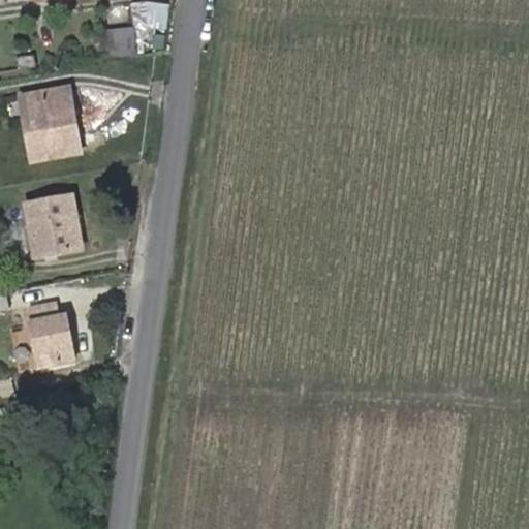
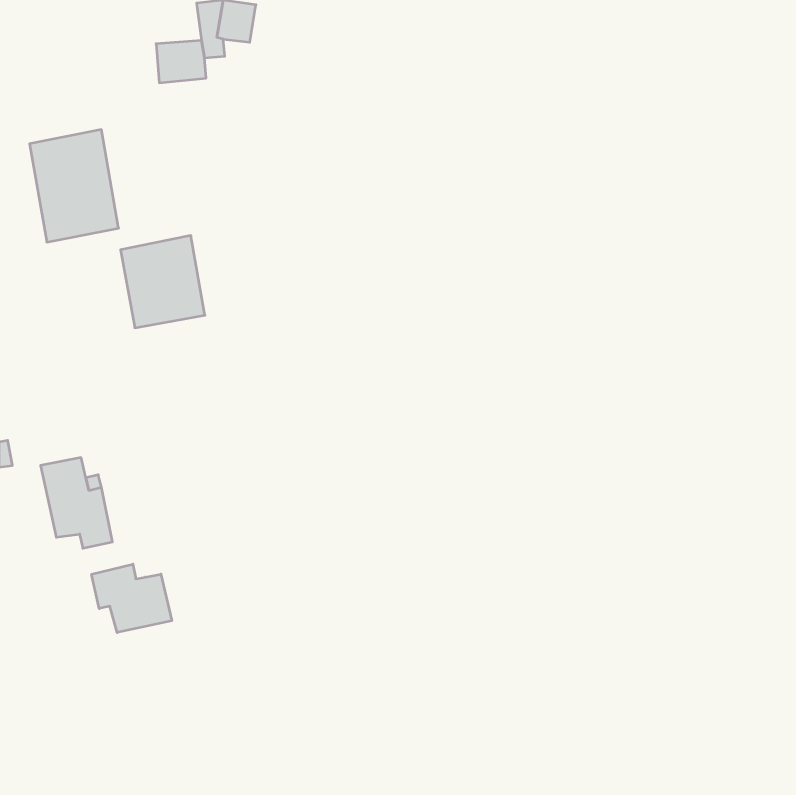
building: [25,194,81,255] -> [121,236,205,328]
building: none -> [92,564,172,633]

